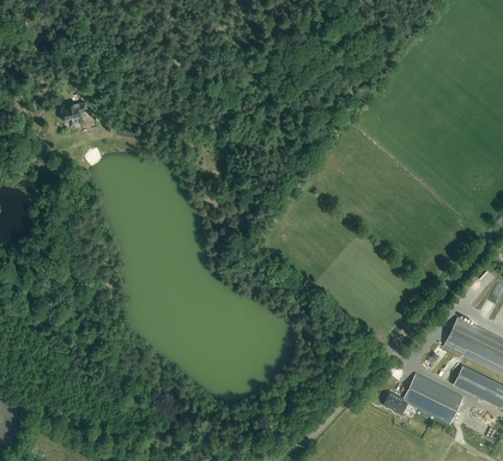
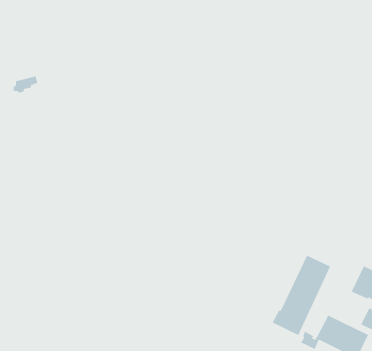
building: none -> [272,255,331,336]

